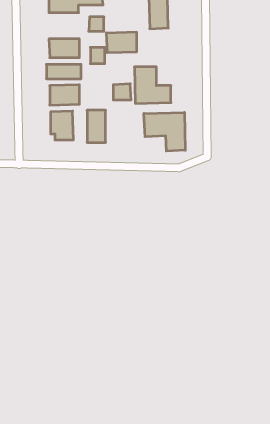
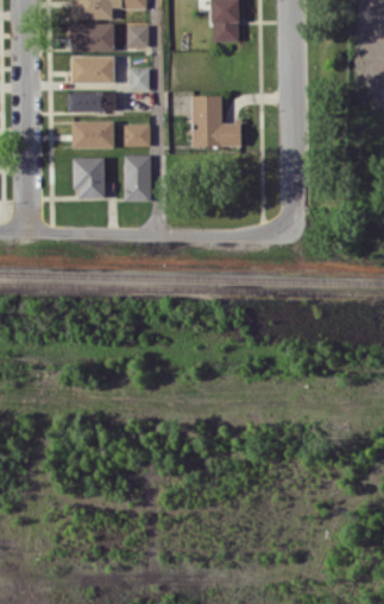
building: [106,32,137,53] -> [71,23,114,51]
building: [113,84,131,100] -> [125,123,150,146]
building: [144,112,185,151] -> none

